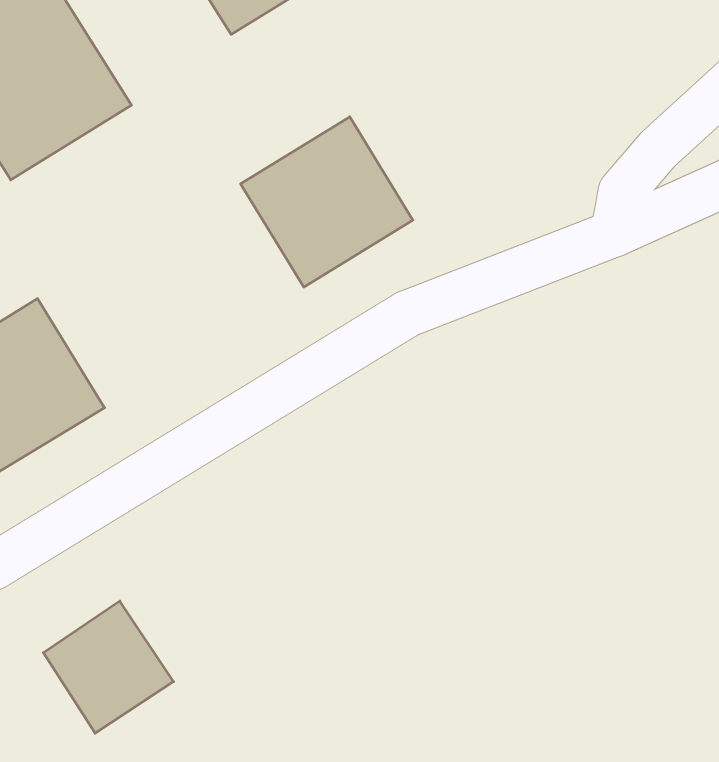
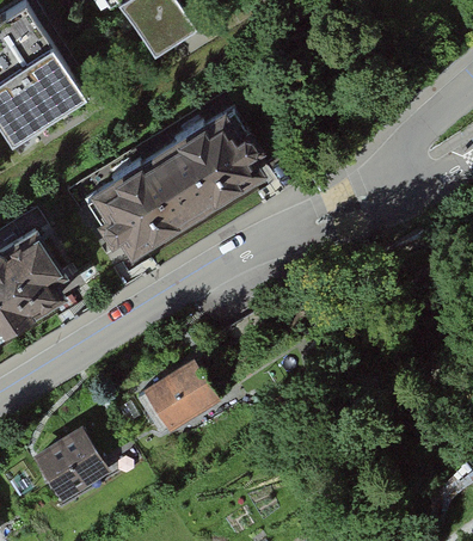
building: none -> [86,158,194,264]
building: none -> [140,351,222,432]

